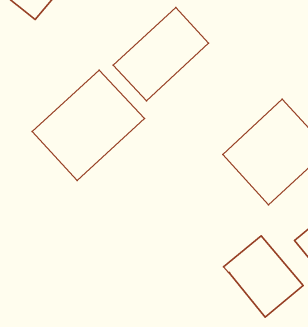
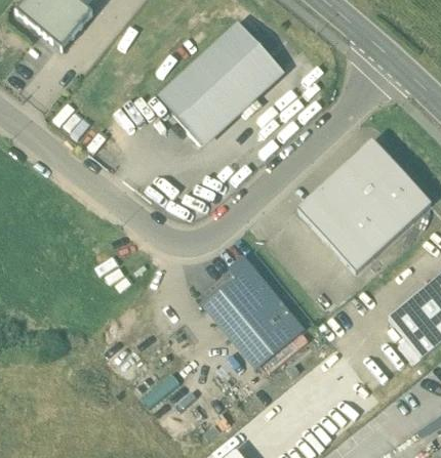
building: [32,70,145,180] -> none
building: [224,236,303,317] -> [204,266,305,369]

